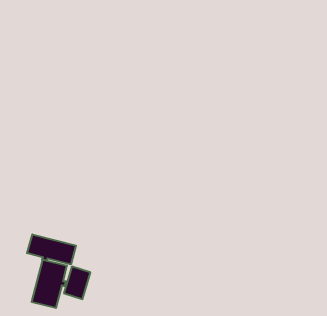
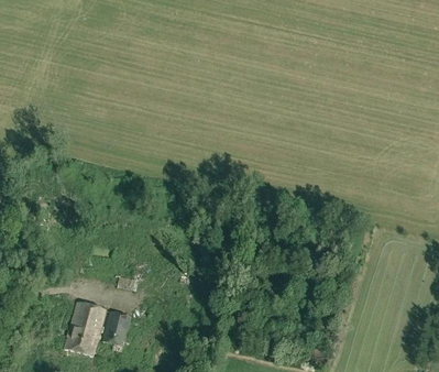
building: [27,234,76,264] -> none

